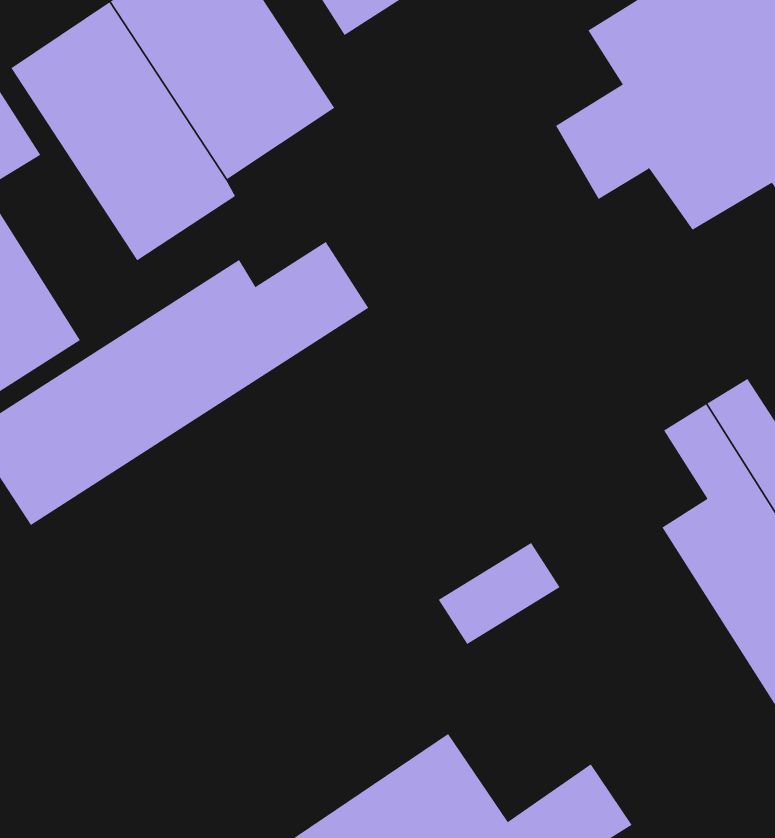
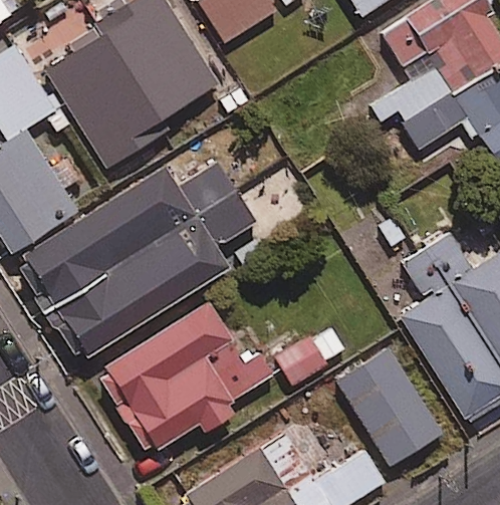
building: none -> [49,194,256,363]
building: none -> [95,302,272,454]
building: none -> [336,347,442,466]

